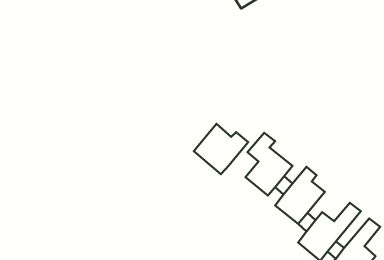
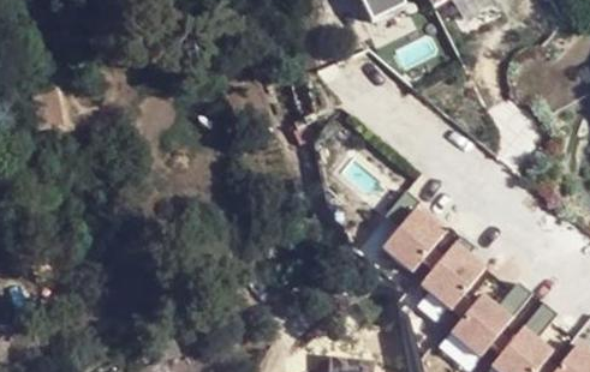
building: [194,124,248,174] -> none

